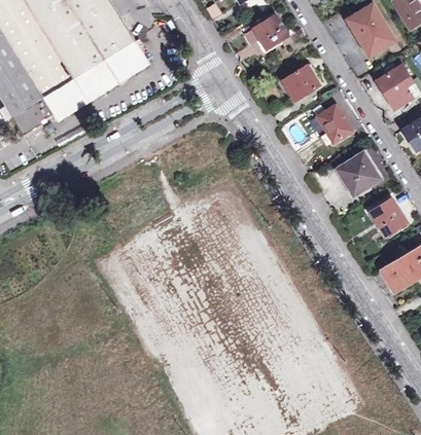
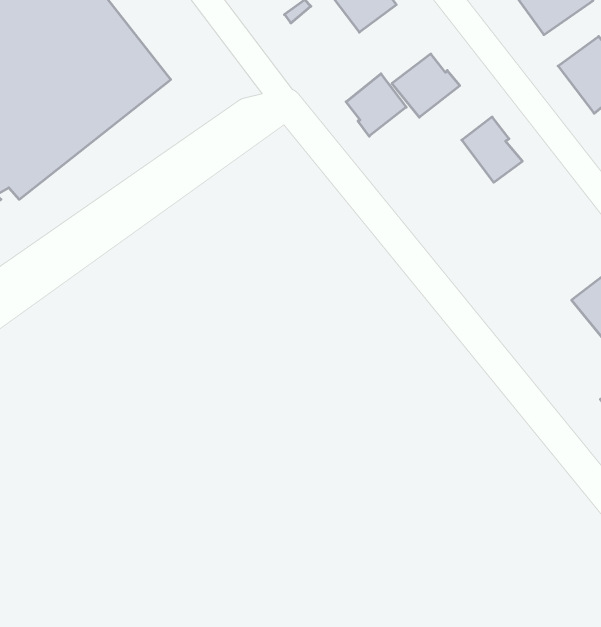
building: none -> [346,74,406,136]
building: [338,151,379,194] -> none

